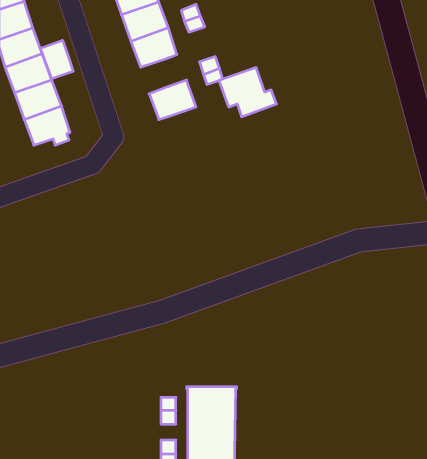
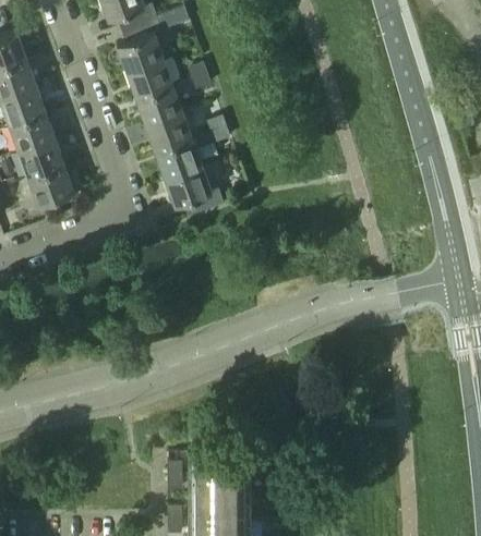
building: [40,40,73,79] -> none
building: none -> [146,112,193,153]
building: [219,68,277,117] -> [165,166,224,216]

